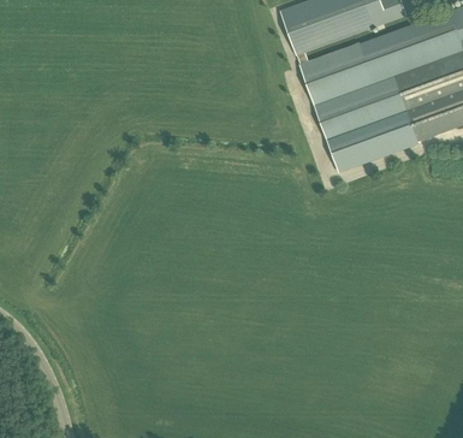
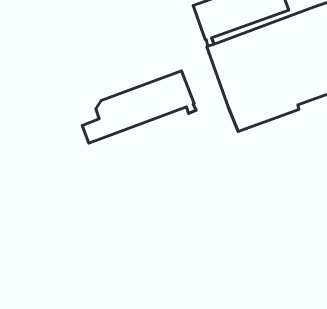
building: none -> [82,71,196,143]

